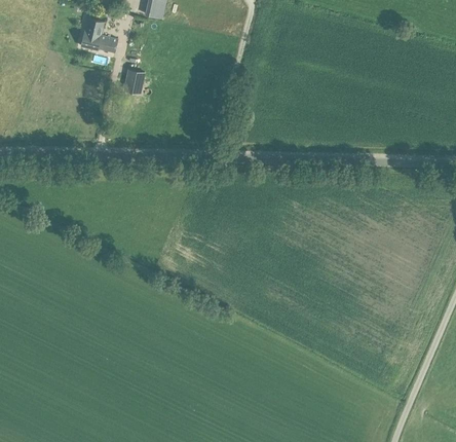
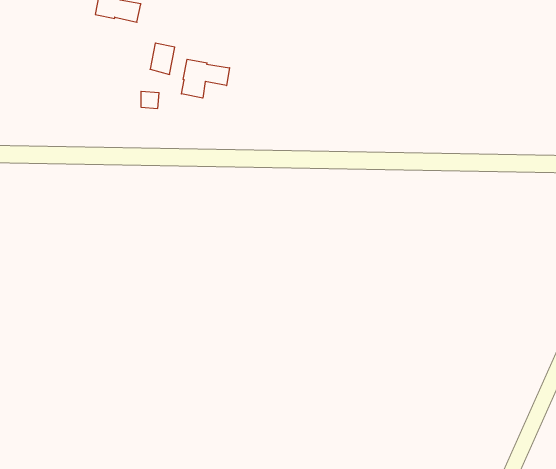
building: none -> [181,59,230,98]

